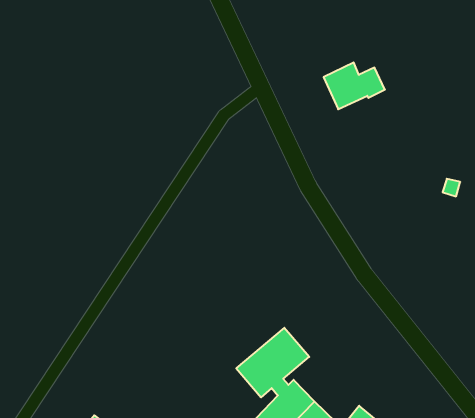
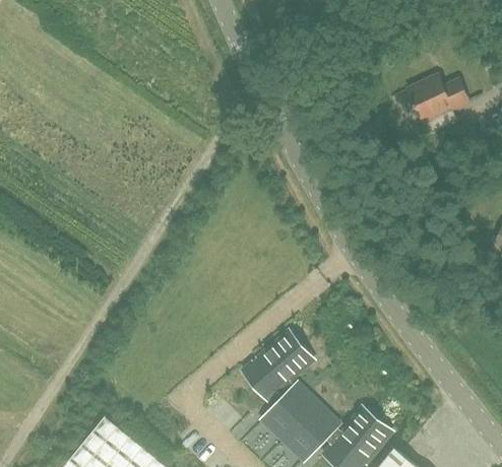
building: [324,62,385,109] -> [407,76,467,122]

